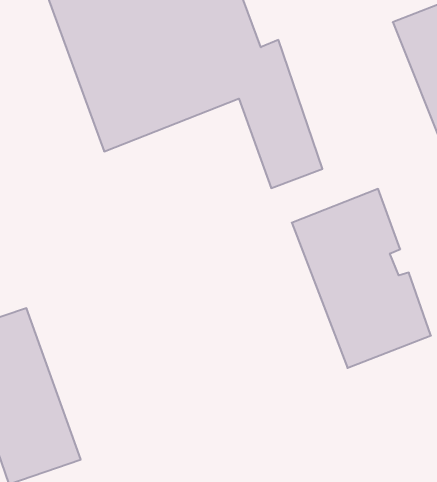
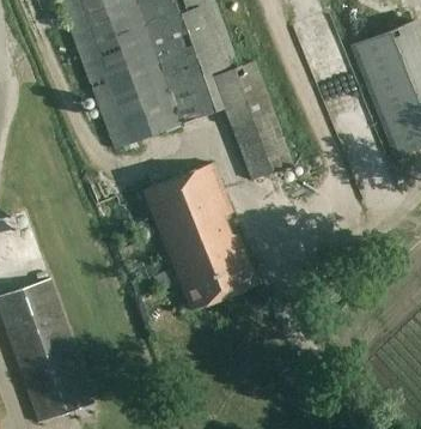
building: [292,189,431,368] -> [142,163,256,309]

